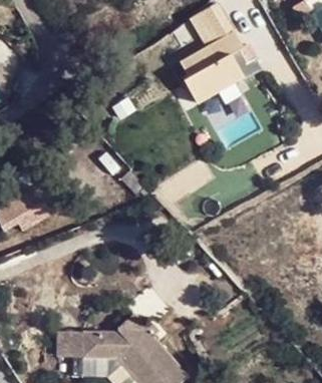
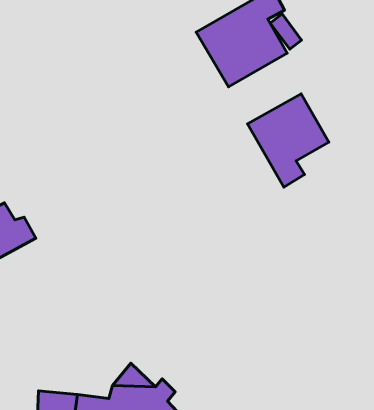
building: none -> [247,94,329,187]

